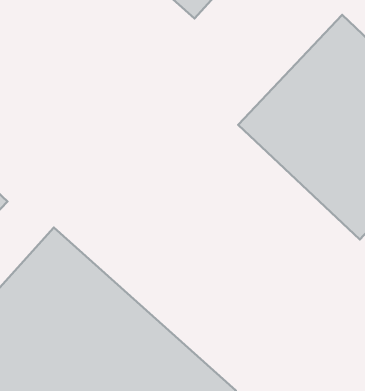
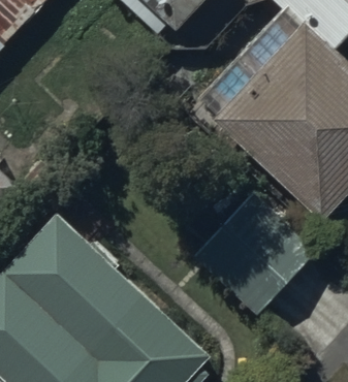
building: none -> [194,197,314,317]

